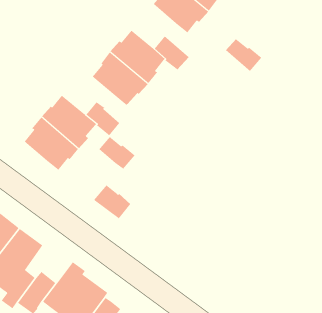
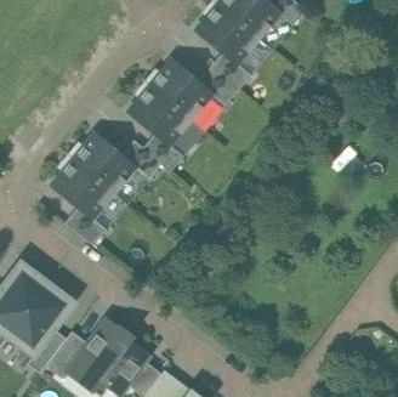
building: [225,38,262,72] -> [210,52,251,90]
building: [98,136,135,170] -> [142,134,183,171]
building: [93,185,131,219] -> [63,206,106,245]

